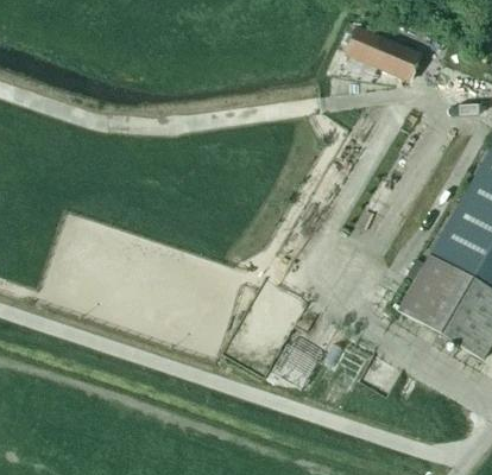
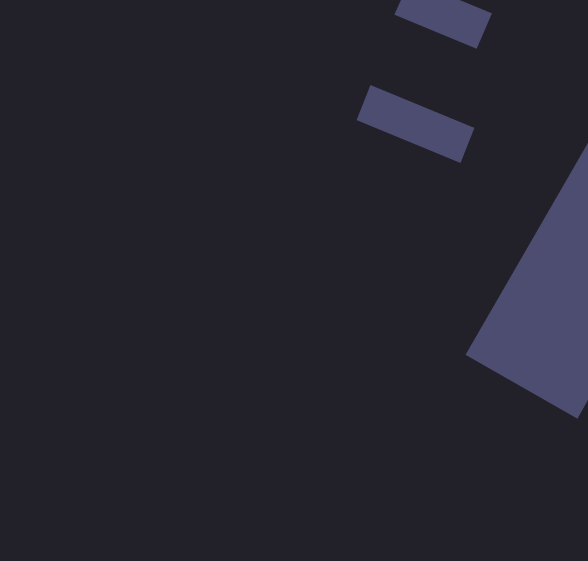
building: none -> [356,84,475,164]

